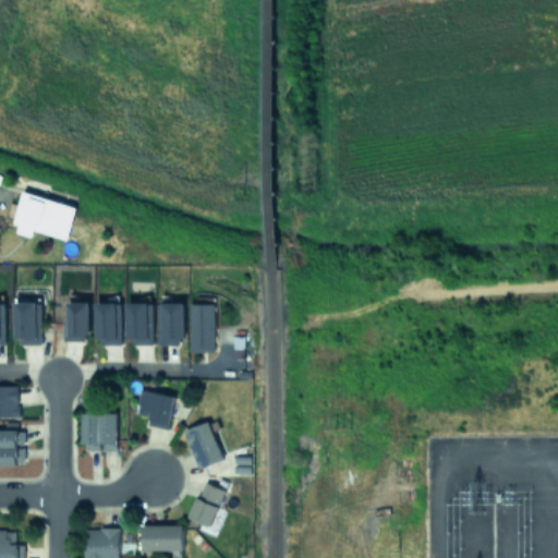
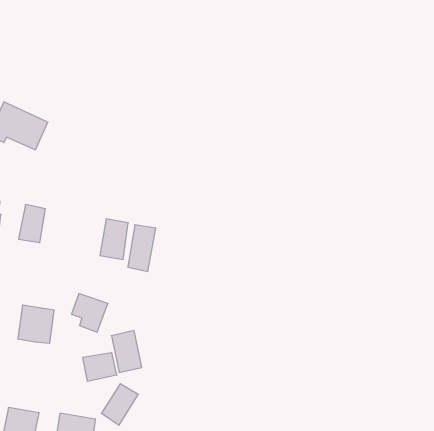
building: [95,303,118,345] -> none
building: [126,303,151,345] -> none
building: none -> [83,352,117,381]

